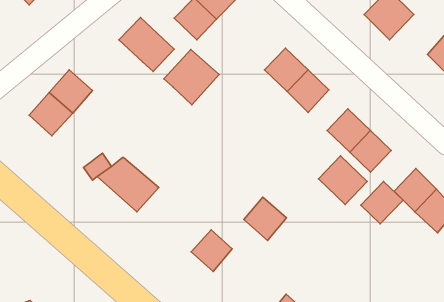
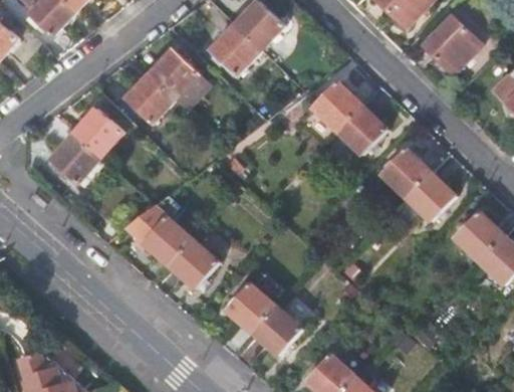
building: none -> [126,72,176,121]
building: [164,50,219,105] -> none
building: [319,156,367,204] -> none
building: [361,181,403,224] -> none
building: none -> [170,236,220,285]
building: [244,197,287,240] -> [254,305,301,353]

